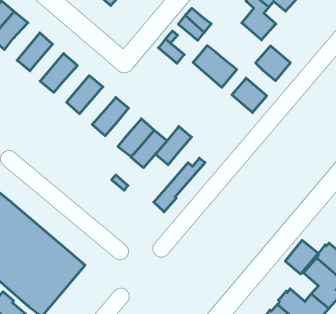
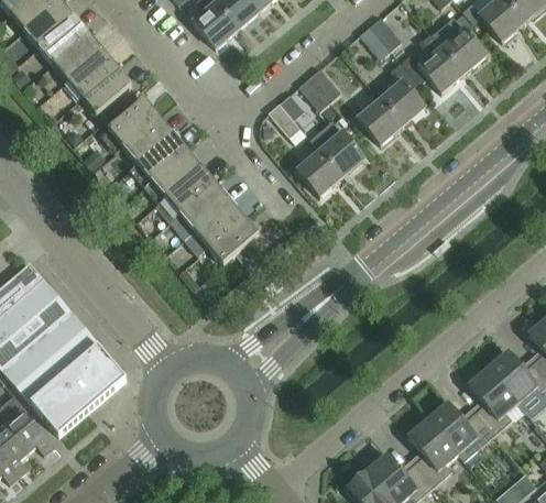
building: none -> [68,52,118,98]
building: [256,46,290,81] -> [359,98,404,144]
building: none -> [123,118,173,163]
building: [232,78,267,113] -> [297,150,342,196]
building: none -> [152,151,203,197]
building: [155,126,192,165] -> [181,184,231,231]
building: [154,158,205,212] -> none
building: [285,240,318,274] -> none

